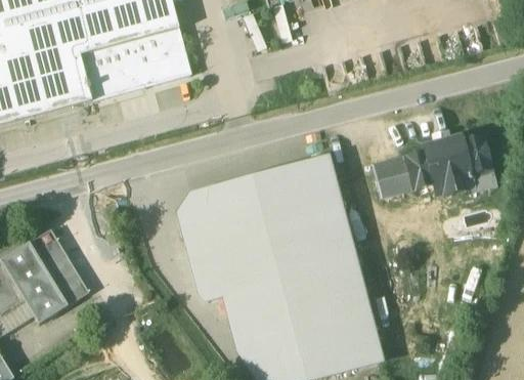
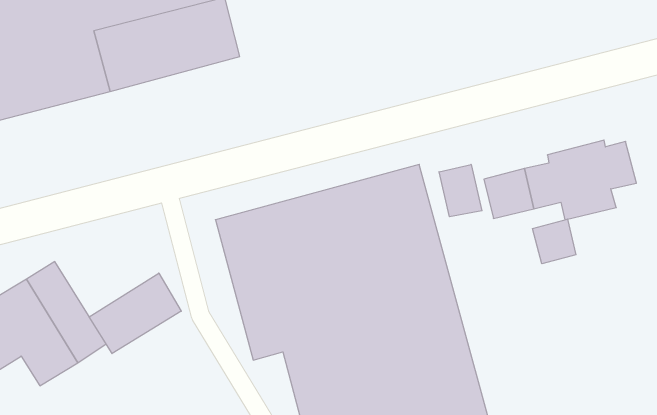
building: none -> [439,164,482,217]
building: none -> [532,219,576,264]
building: none -> [89,273,181,354]

